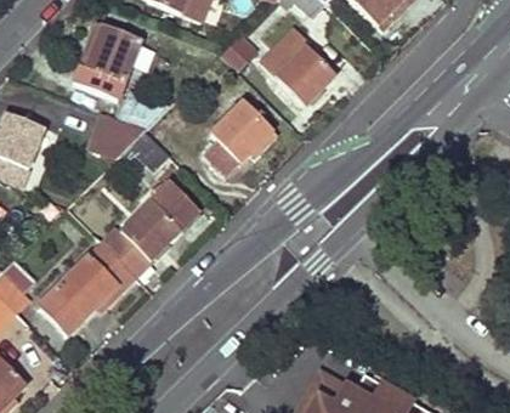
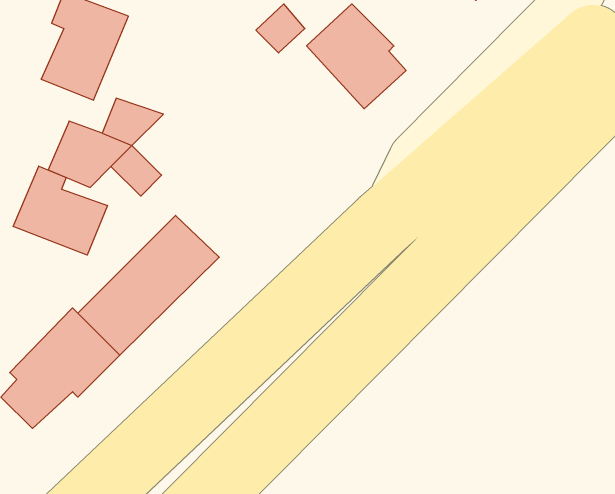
building: [206,101,276,172] -> none
building: none -> [13,166,107,255]

